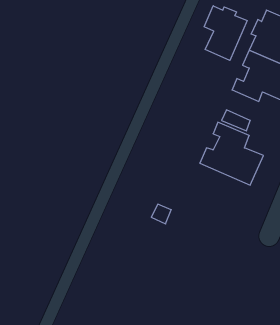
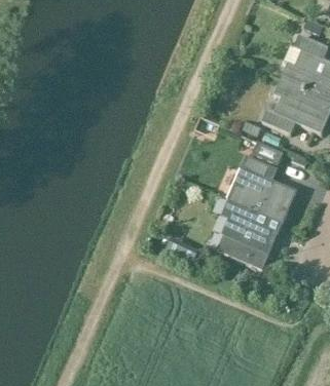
building: [204,6,247,60] -> none
building: none -> [217,199,282,269]

